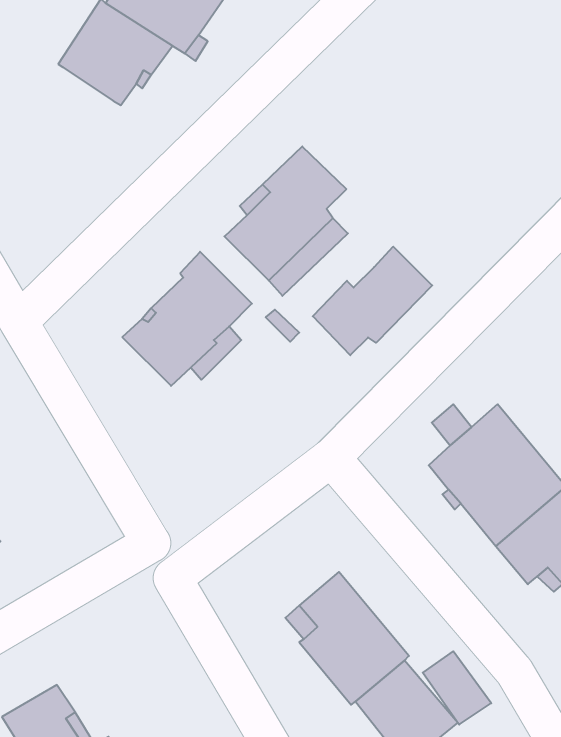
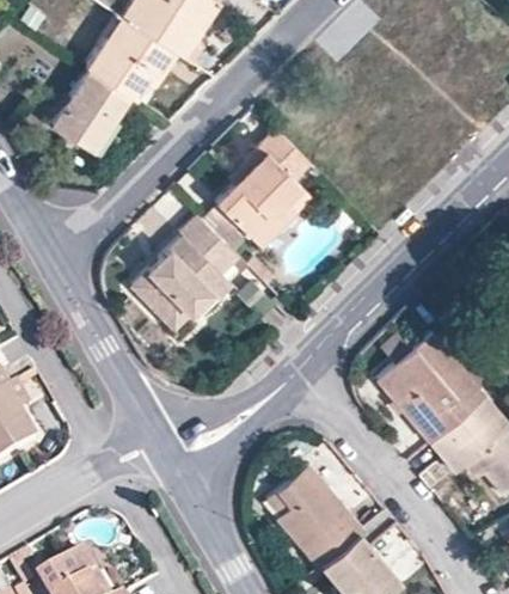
building: none -> [53,68,129,149]
building: [313,247,432,355] -> none

